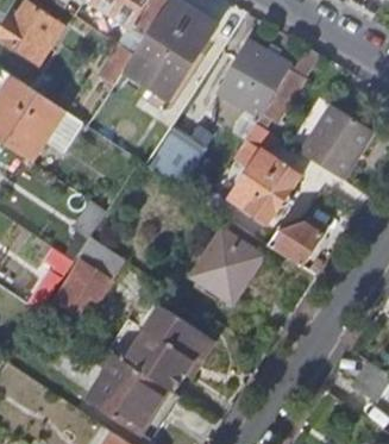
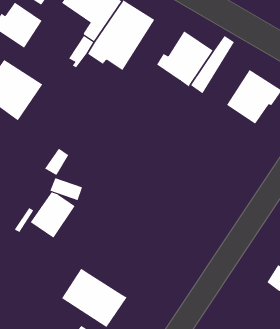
building: [231,124,300,223] -> none
building: [153,127,205,179] -> none
building: [272,221,324,264] -> none
building: [193,229,264,301] -> none
building: [123,307,209,393] -> none

